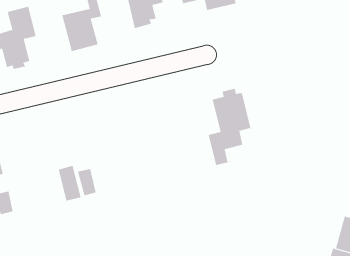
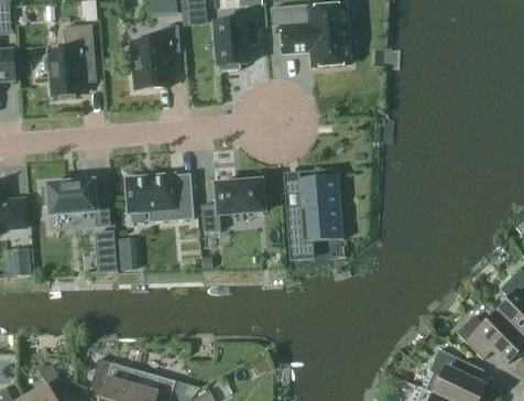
building: none -> [200,181,266,231]
building: none -> [124,174,193,223]
building: none -> [42,181,109,227]

